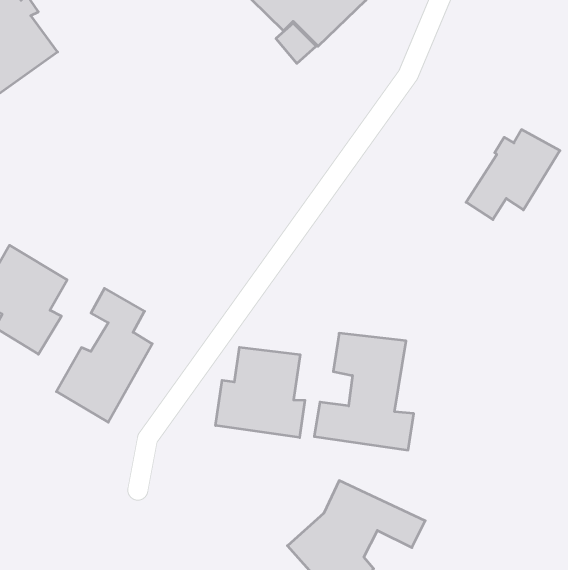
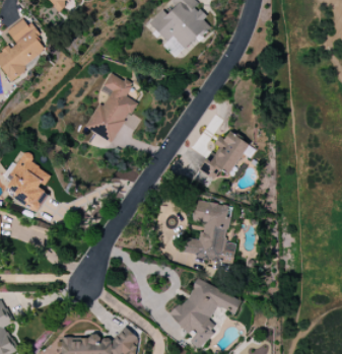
building: [466,130,560,220] -> [199,132,249,180]
building: [56,288,152,422] -> [84,72,135,143]
building: [216,347,305,438] -> none

